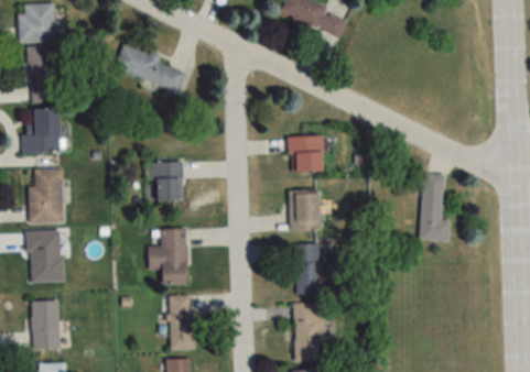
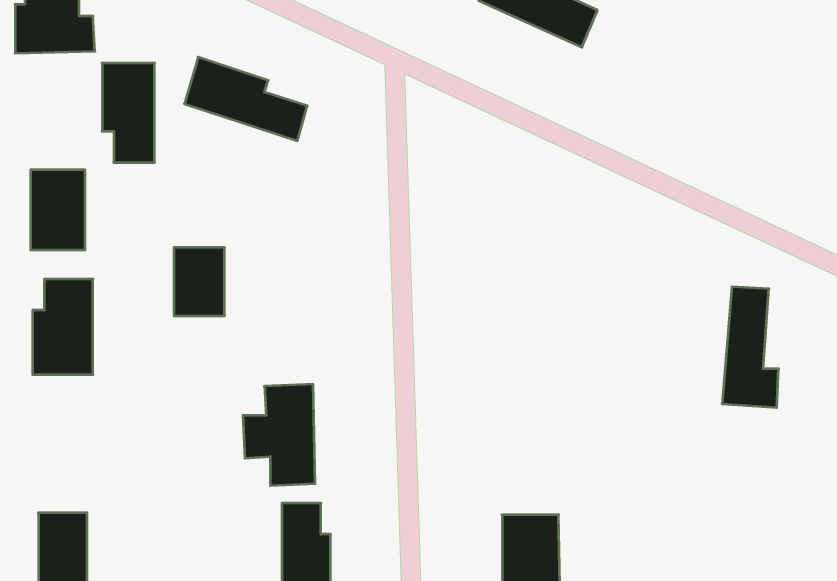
building: [25,44,55,100] -> [102,63,155,162]
building: [290,135,323,172] -> none
building: [154,162,183,200] -> [174,248,225,316]
building: [289,189,321,230] -> none
building: [28,231,64,282] -> none
building: [294,243,320,294] -> none

